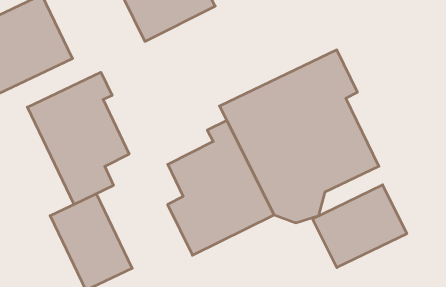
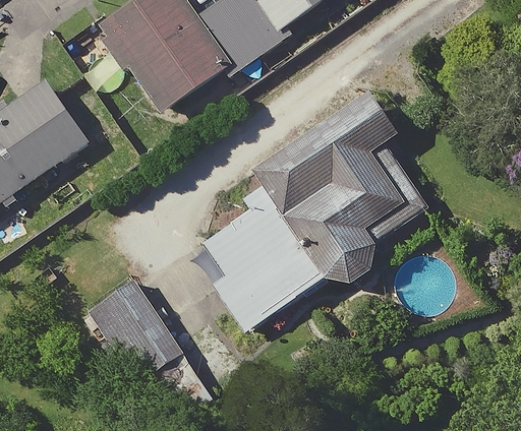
building: [27,72,129,204] -> none
building: [313,185,407,268] -> none

